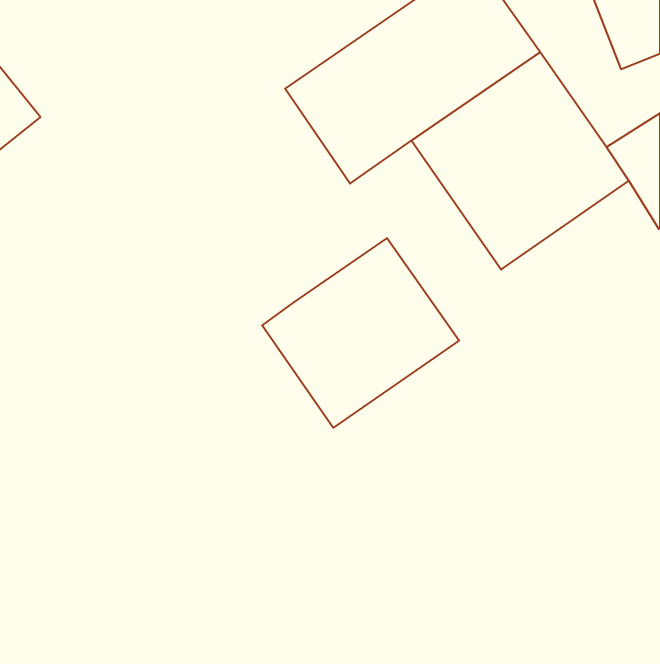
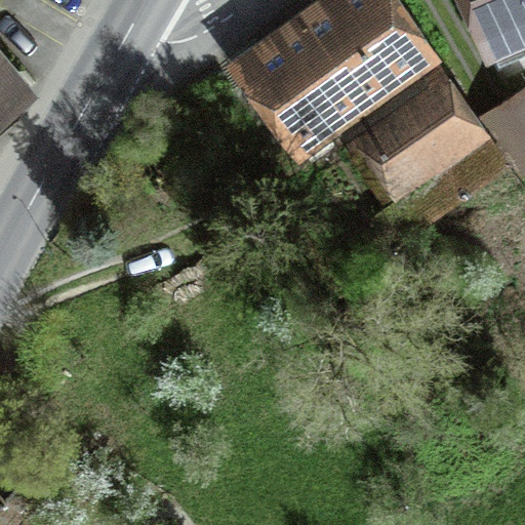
building: [262,238,459,428] -> none

